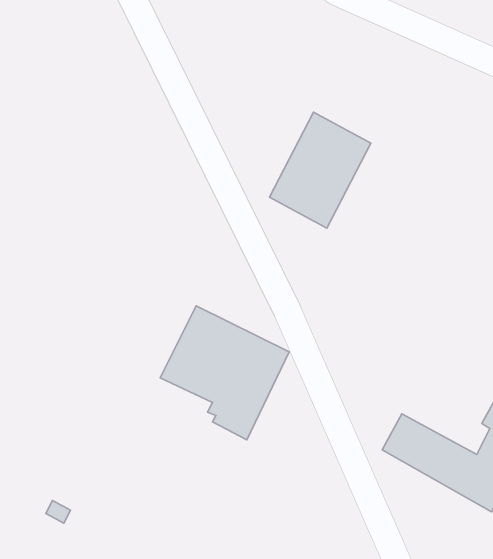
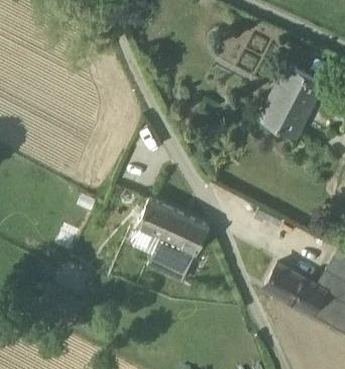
building: [270,112,371,228] -> [261,65,324,136]

